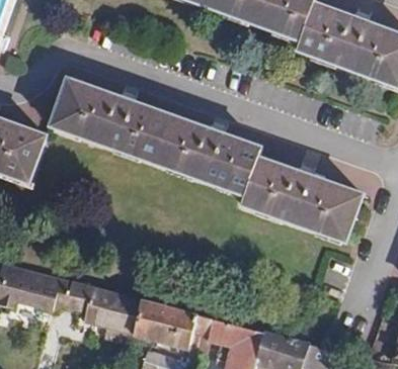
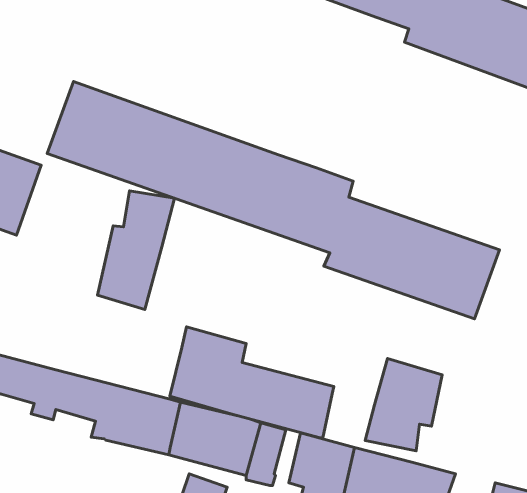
building: none -> [98,191,174,309]
building: none -> [170,327,334,438]
building: none -> [365,359,442,451]

